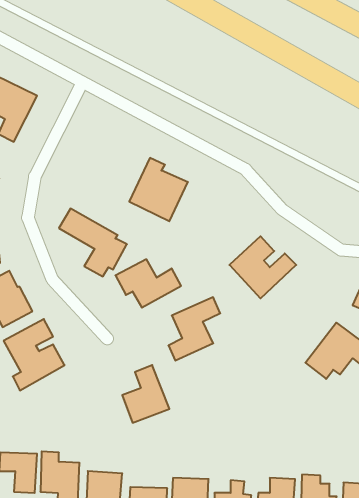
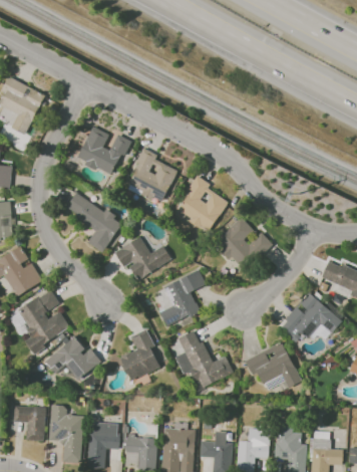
building: none -> [76,127,128,175]
building: none -> [176,176,227,232]
building: none -> [174,329,233,389]
building: none -> [43,336,100,380]
building: none -> [244,341,301,389]

